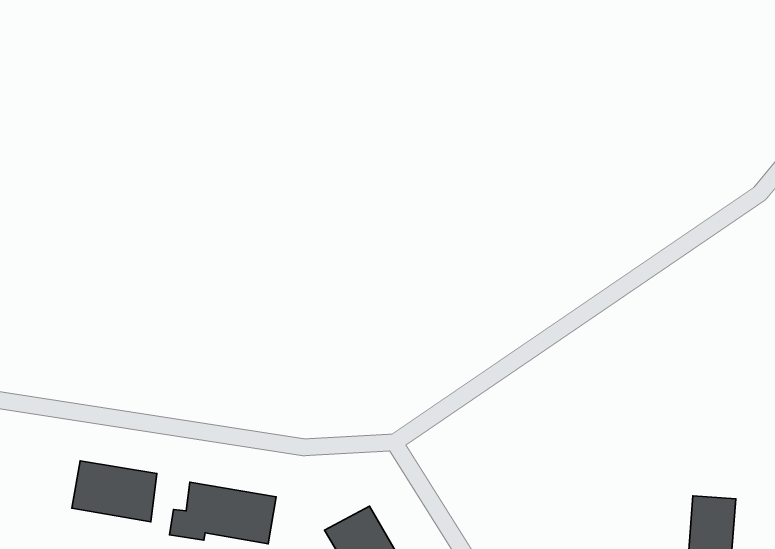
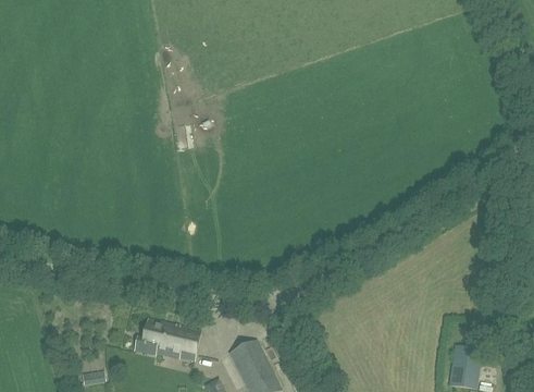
building: [72,461,157,522] -> none

